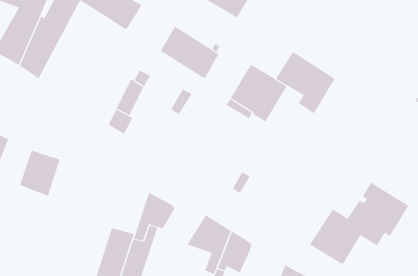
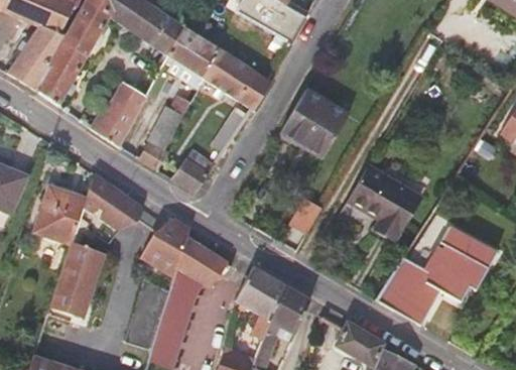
building: none -> [163,19,219,84]
building: [275,51,336,114] -> [349,164,419,238]
building: none -> [88,81,146,147]
building: none -> [171,154,217,193]
building: none -> [78,173,142,244]
building: none -> [141,217,191,278]
building: none -> [49,244,105,321]

